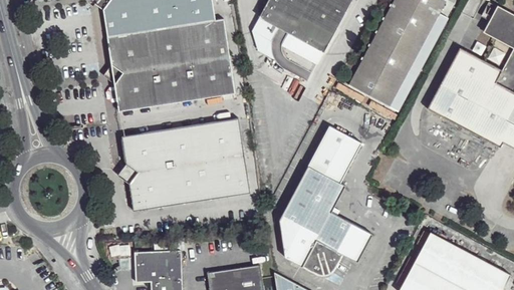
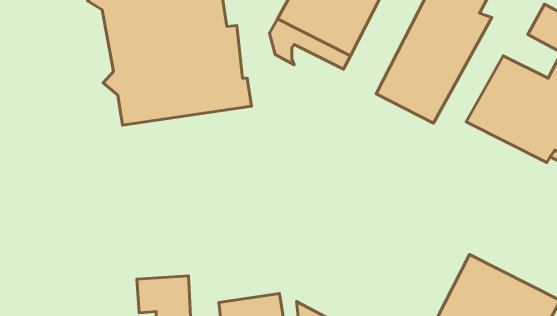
building: [117,113,249,209] -> none
building: [280,120,372,271] -> none

